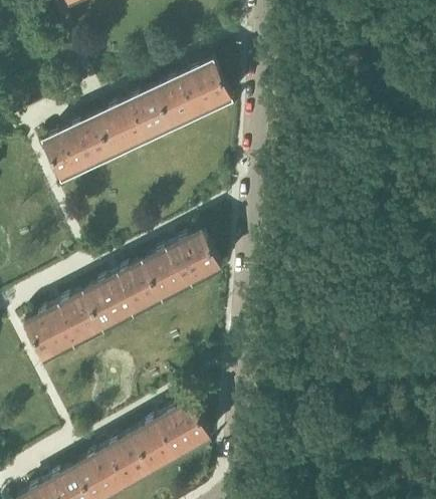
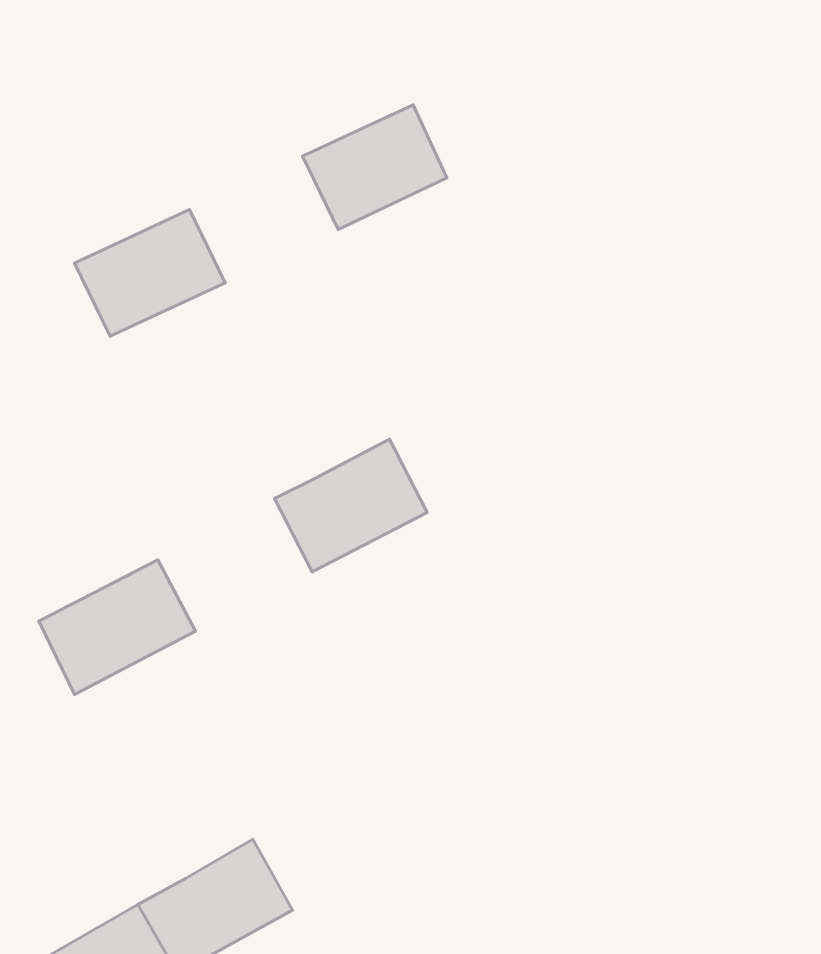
building: [98,88,174,153] -> none
building: [82,262,161,329] -> none
building: [131,403,208,471] -> none

